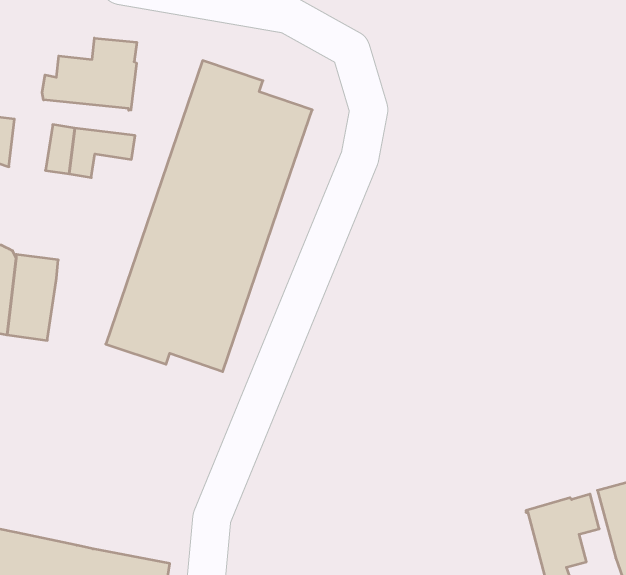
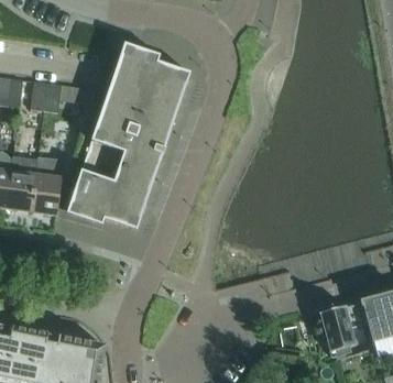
building: [42,38,137,110] -> none
building: none -> [31,155,66,214]

